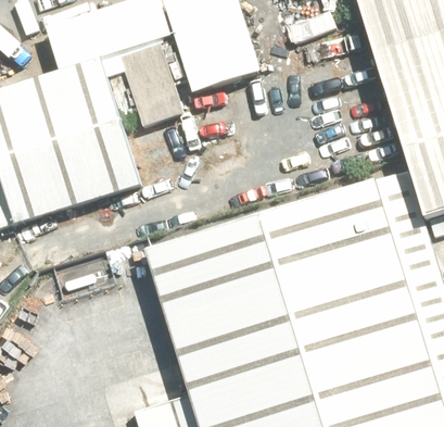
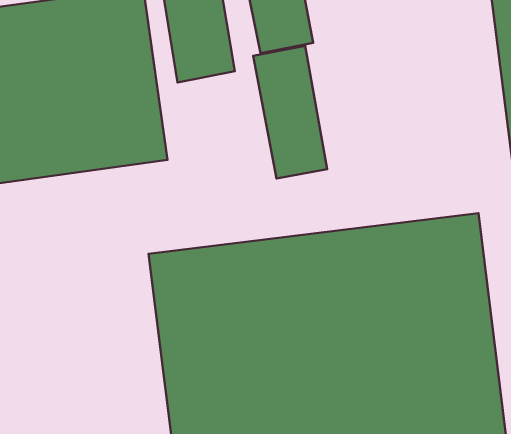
building: none -> [253,46,327,178]

